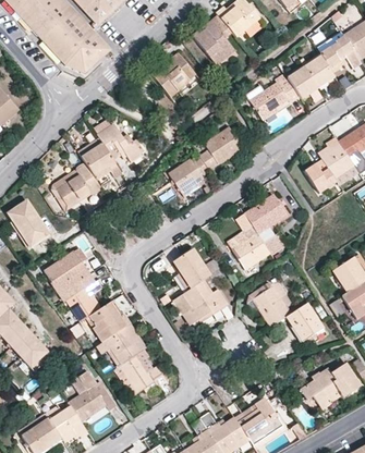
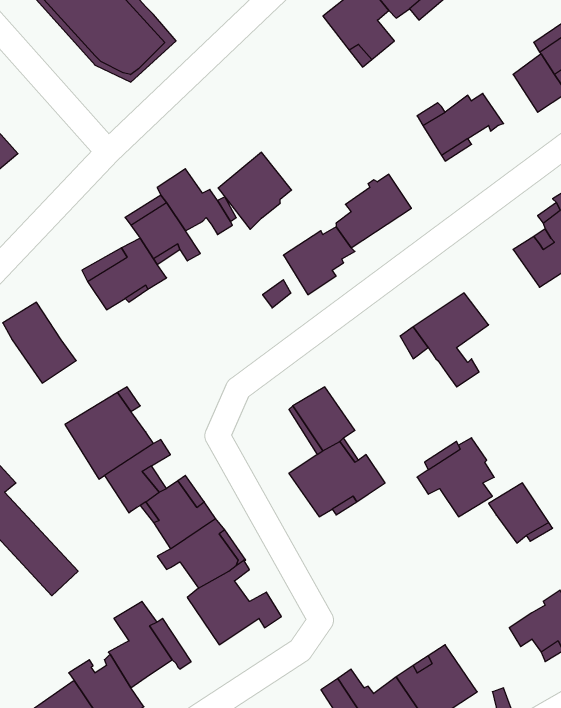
building: [151,51,194,96] -> [218,152,292,229]
building: [285,68,317,100] -> none
building: [233,232,271,267] -> none

